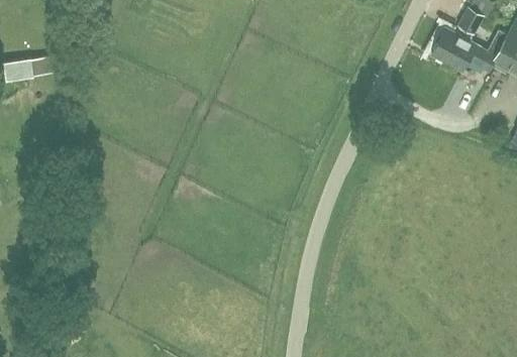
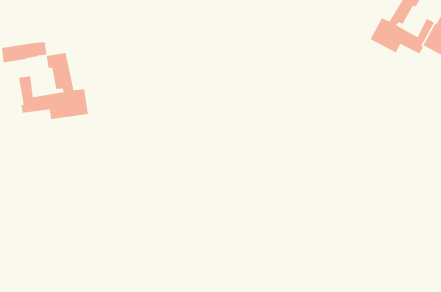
building: none -> [18,52,89,120]

